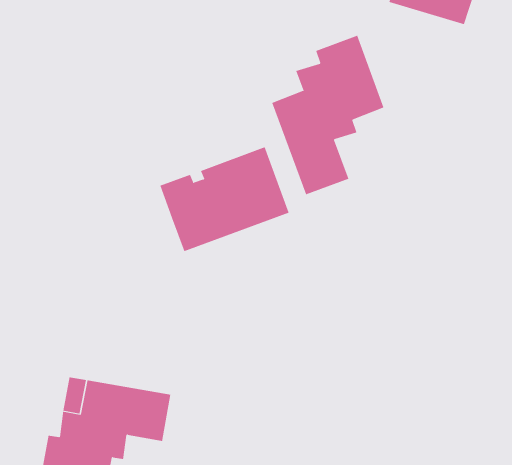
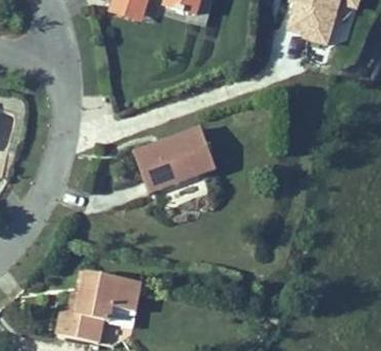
building: [272,35,384,195] -> none

